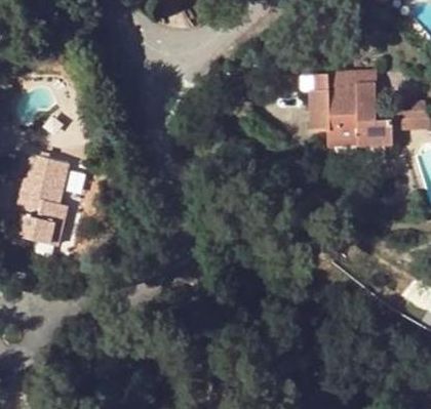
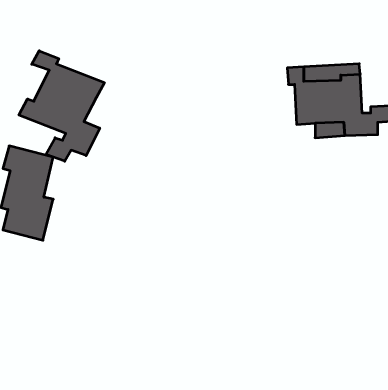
building: none -> [19,51,104,161]

